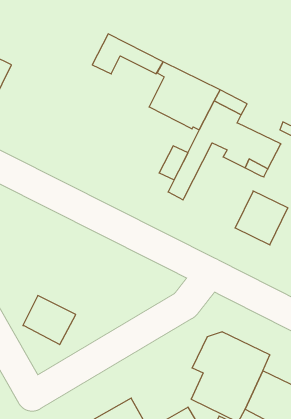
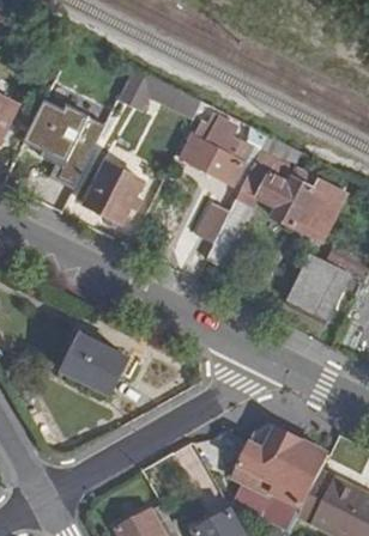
building: none -> [17,96,99,184]
building: none -> [85,163,143,221]
building: [23,296,76,345] -> [63,335,127,394]

